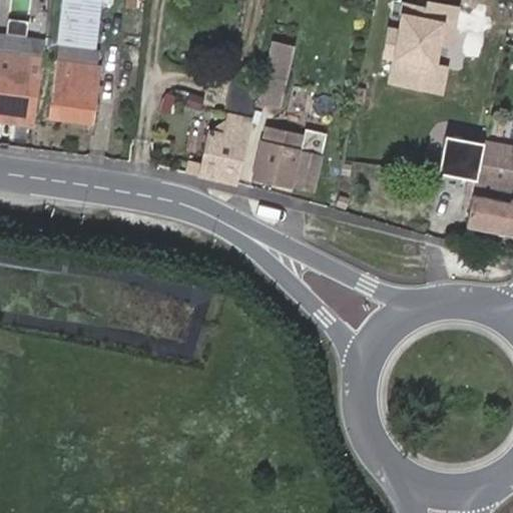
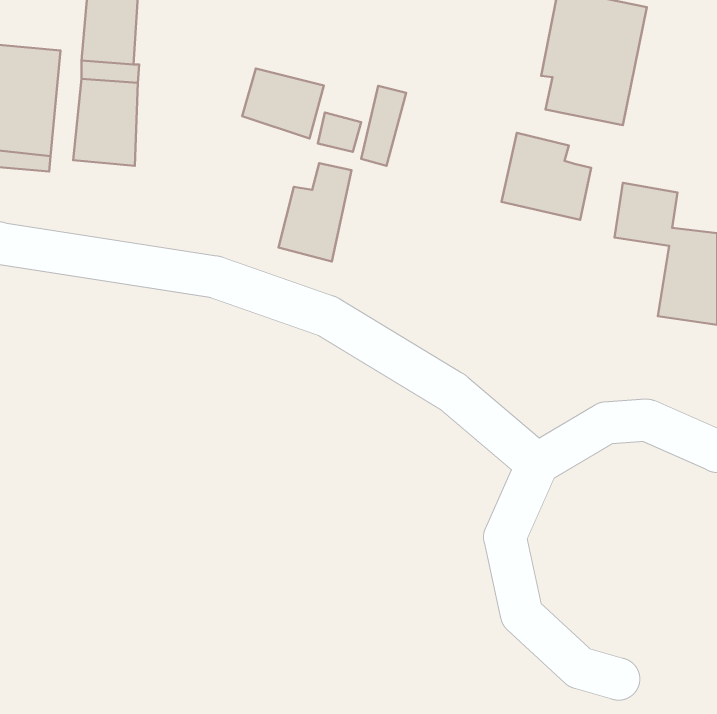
building: none -> [242,68,324,139]
building: [255,129,320,191] -> [501,133,591,220]

